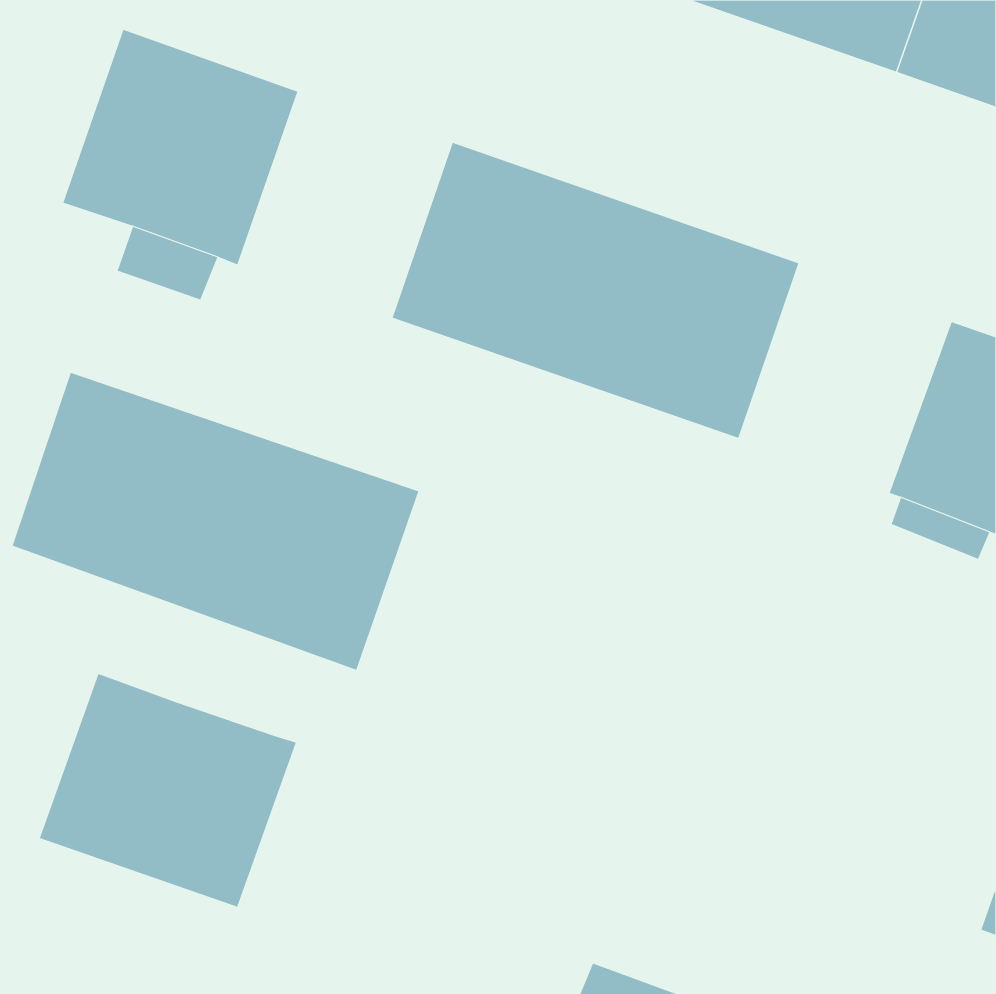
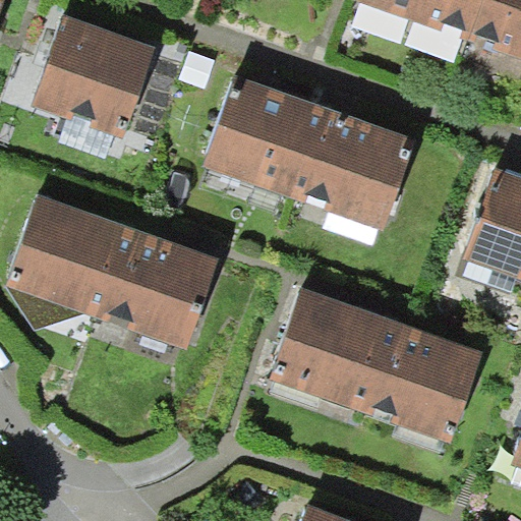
building: none -> [271,286,482,444]
building: [39,673,296,907] -> none

